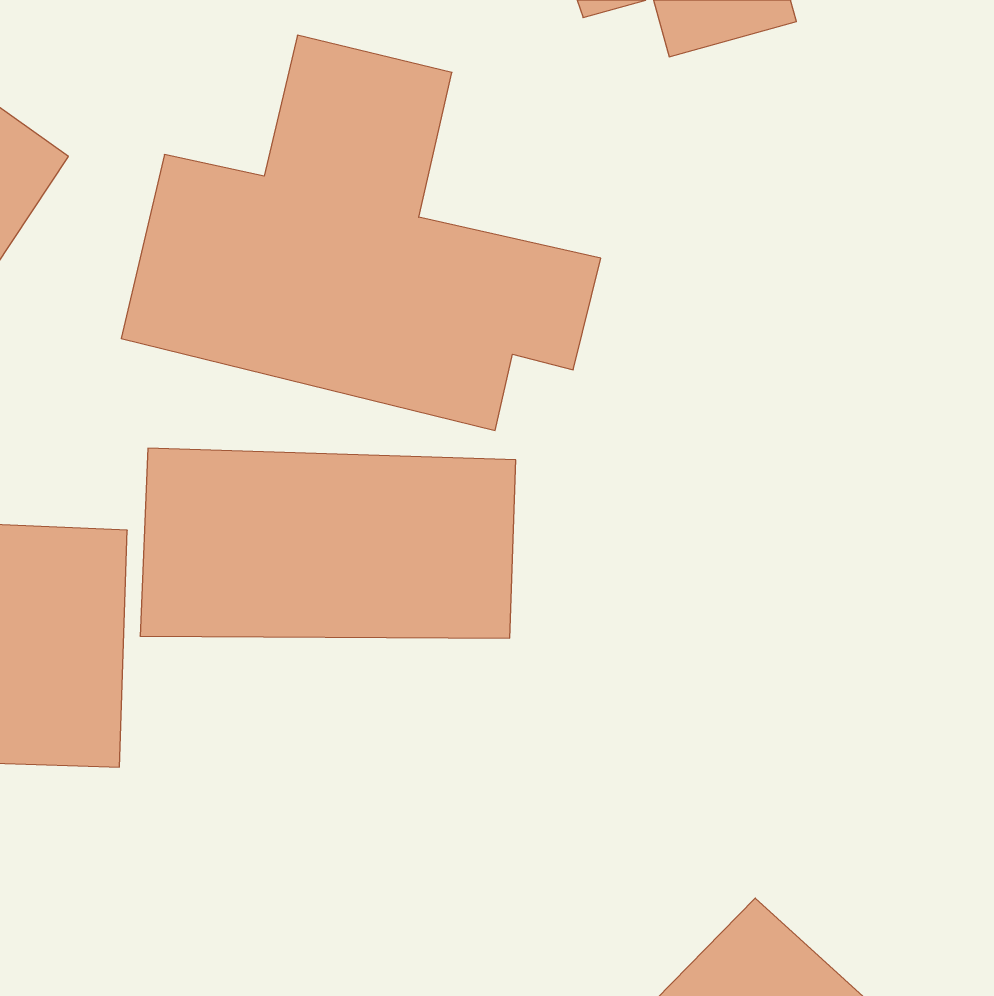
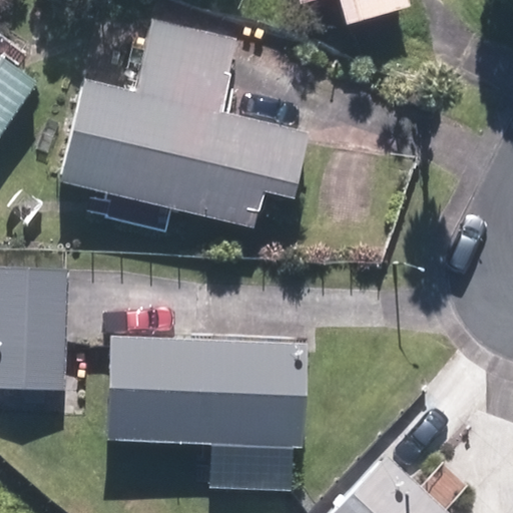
building: [140,448,516,638] -> [110,339,303,436]

